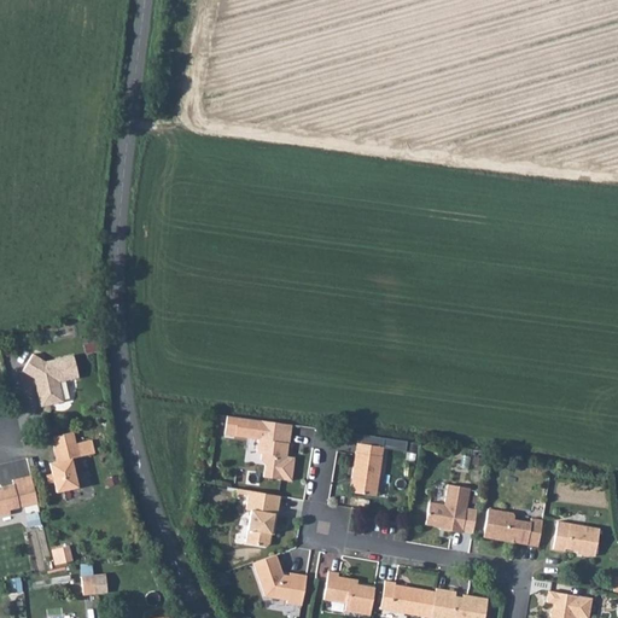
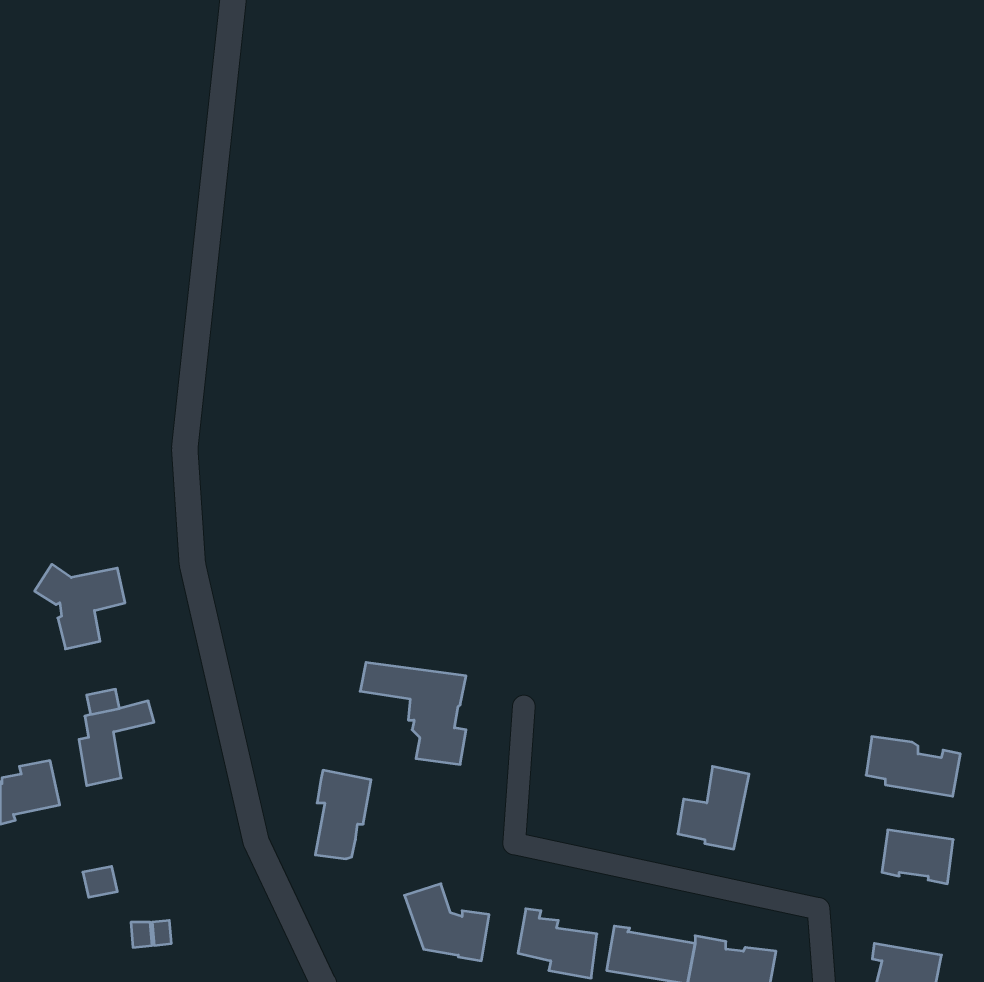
building: [351,443,385,497] -> none
building: [245,490,280,546] -> [315,770,371,859]
building: [483,509,542,547] -> [866,737,960,796]

